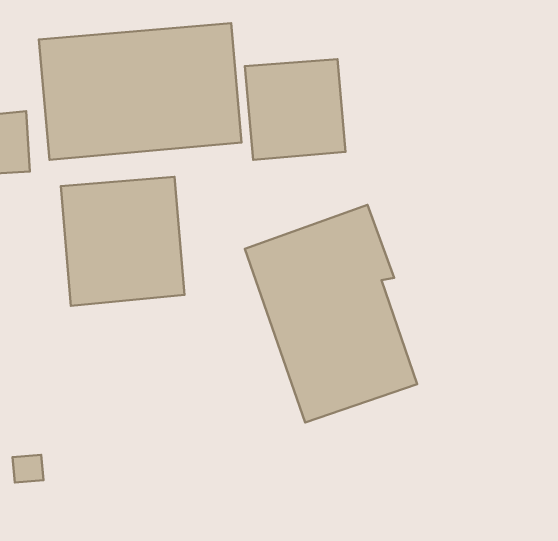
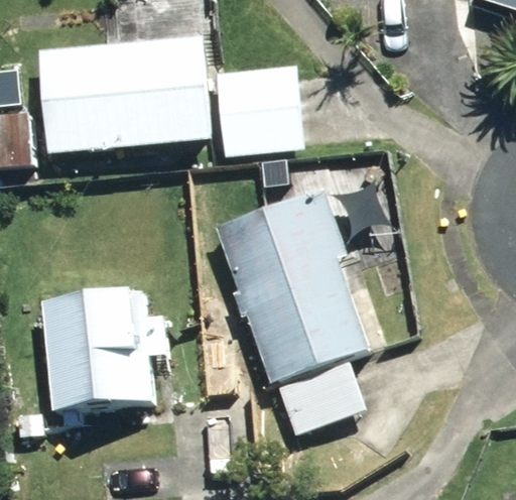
building: [61,177,184,306] -> none
building: none -> [41,292,165,410]

